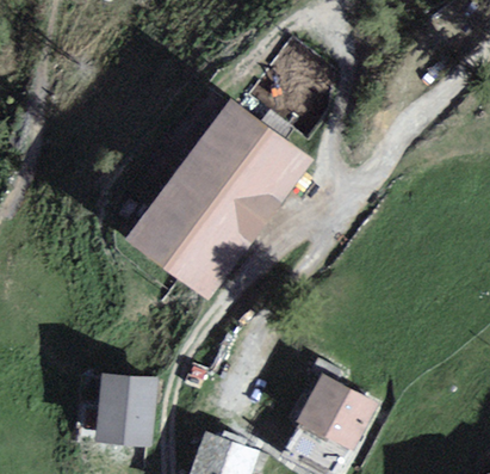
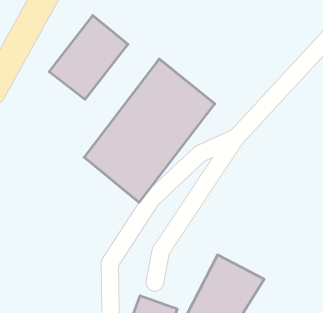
building: none -> [49,15,128,99]
building: [94,369,157,449] -> none

